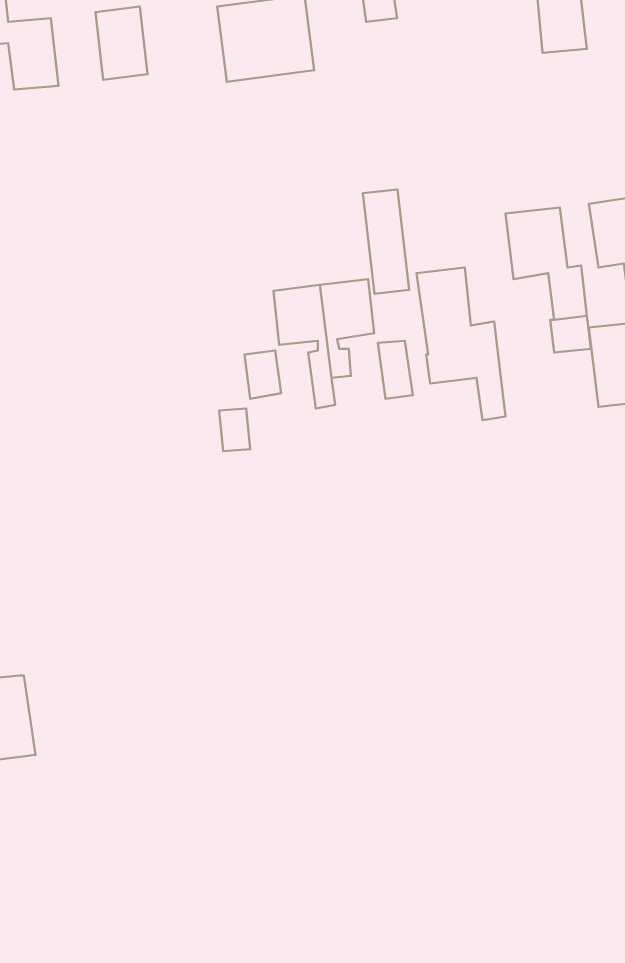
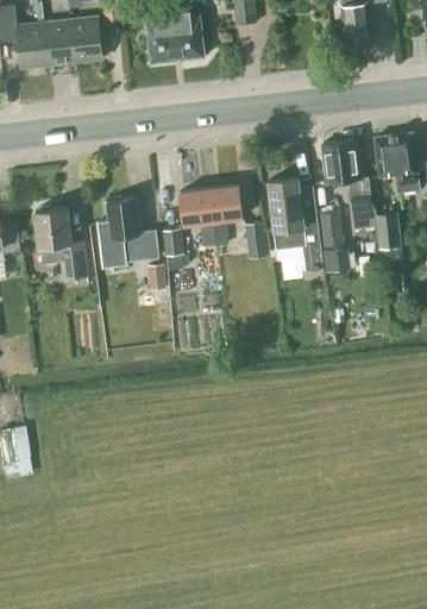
building: none -> [43,19,75,64]
building: [363,189,409,294] -> [319,211,347,275]
building: none -> [98,196,158,266]
building: none -> [34,205,87,278]

